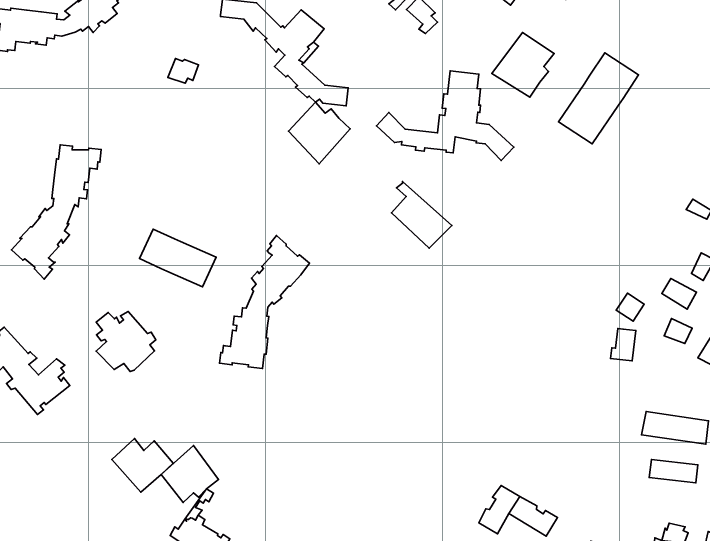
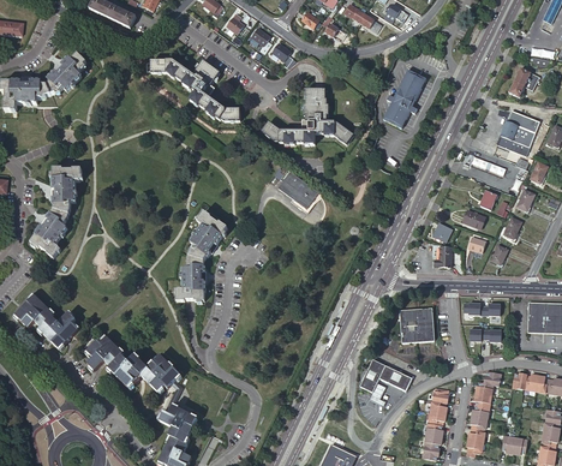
building: [492,32,554,97] -> none
building: [289,102,350,164] -> none
building: [139,229,216,287] -> none
building: [96,311,156,371] -> [83,334,124,374]
building: none -> [400,307,434,341]

